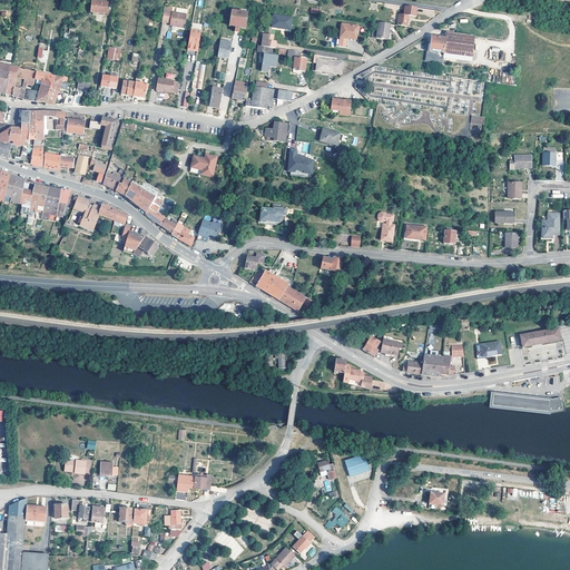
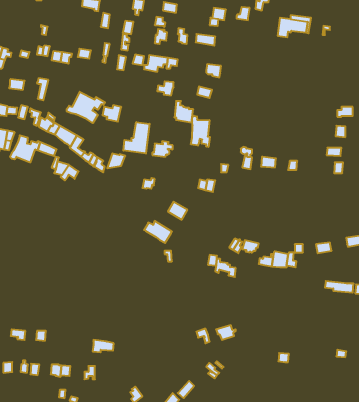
building: none -> [67,92,105,123]
building: none -> [191,116,210,147]
building: none -> [123,122,150,154]
building: [250,268,288,298] -> [144,221,172,243]

